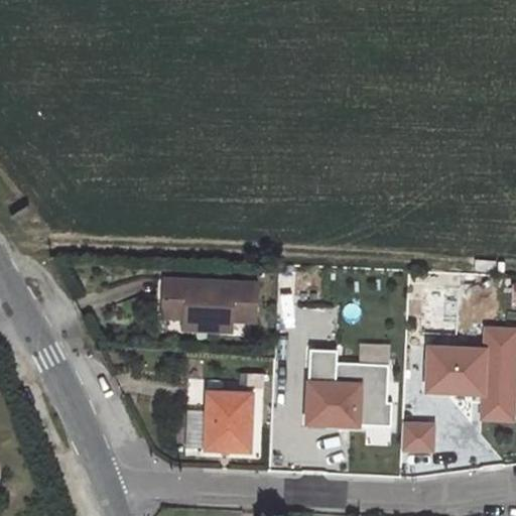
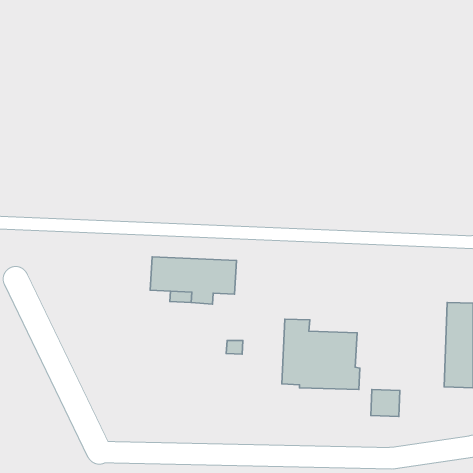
building: [427,348,485,393] -> none
building: [184,393,253,452] -> none

